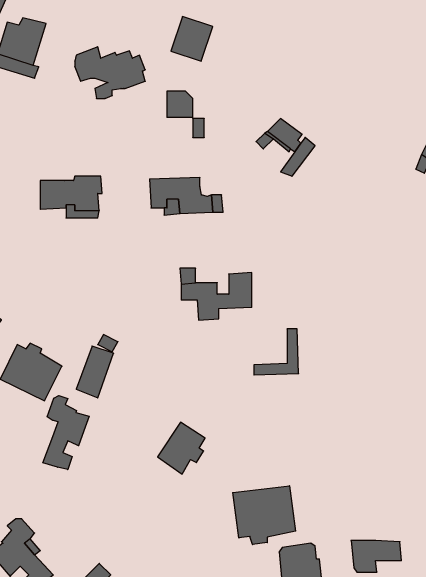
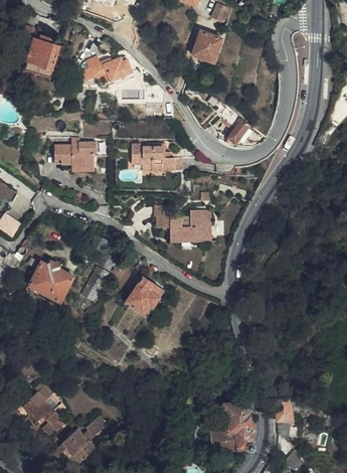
building: [171,17,213,61] -> [191,30,220,61]
building: [254,329,299,375] -> [181,212,212,245]
building: [43,396,89,470] -> none
building: [158,422,205,474] -> [126,278,159,314]
building: [233,486,296,545] -> none

